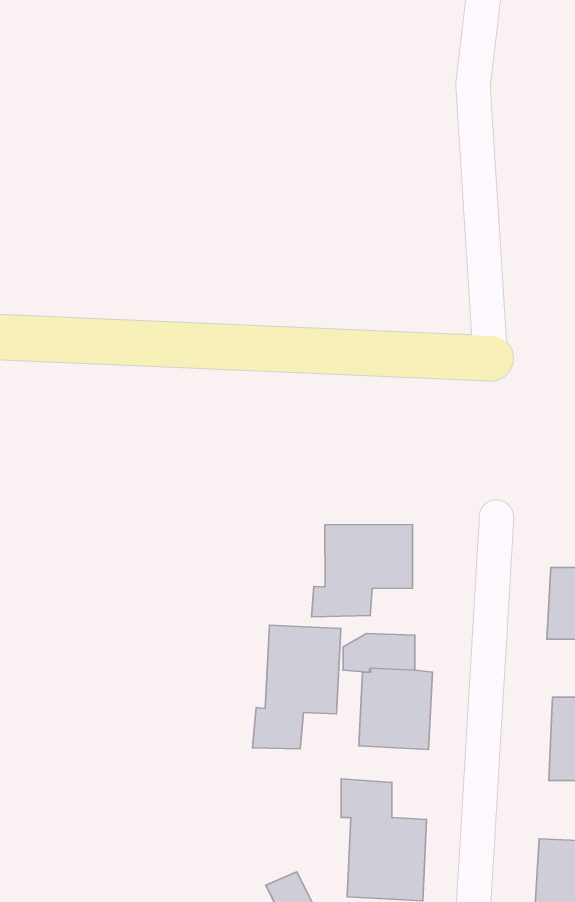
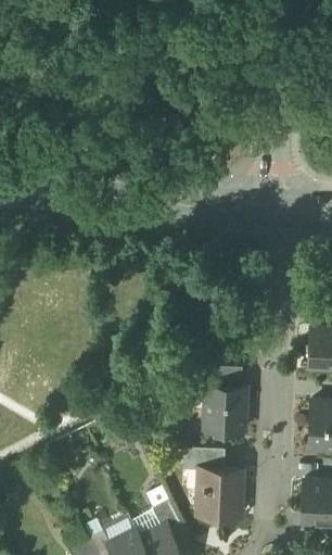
building: [312,525,413,617] -> none
building: [252,625,341,749] -> none

